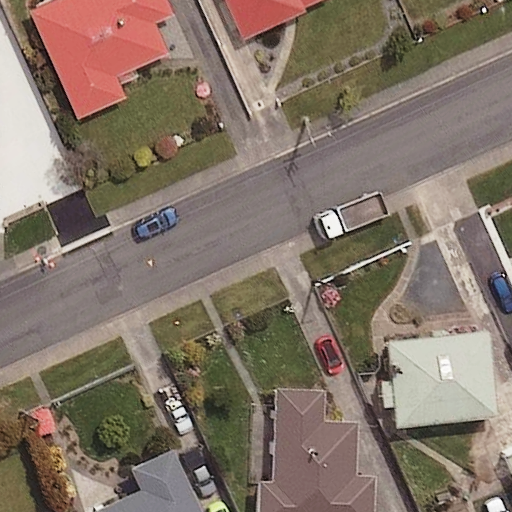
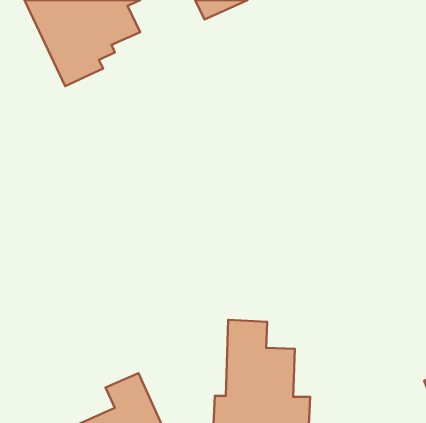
building: [388,330,496,427] -> none

